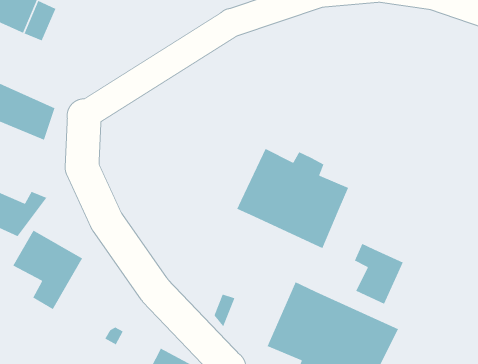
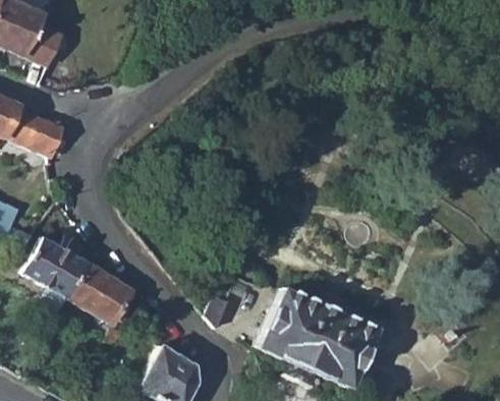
building: [236,148,349,249] -> none
building: [354,243,404,305] -> none
building: none -> [69,265,133,323]

